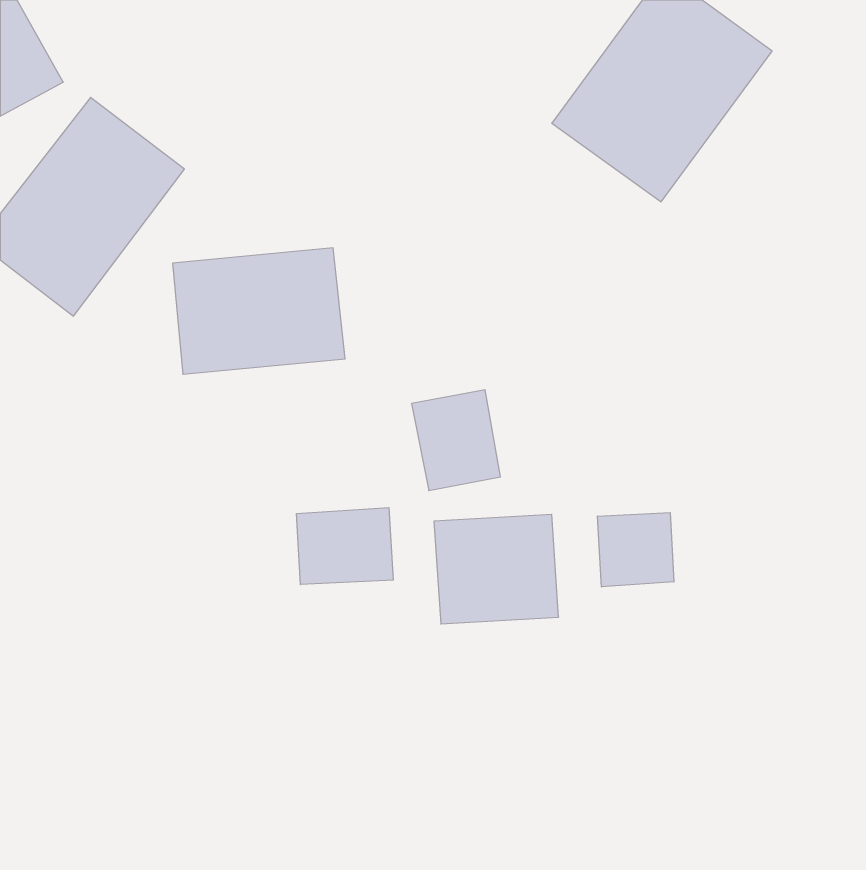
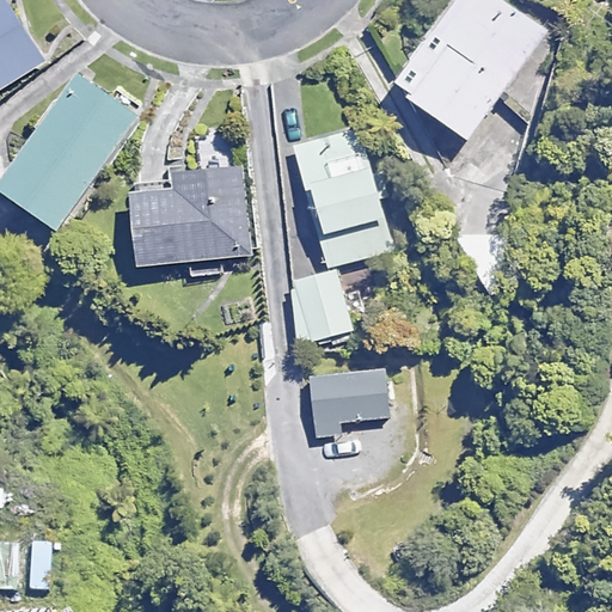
building: none -> [288,127,399,263]
building: [297,508,393,585] -> none
building: [598,513,674,587] -> none

